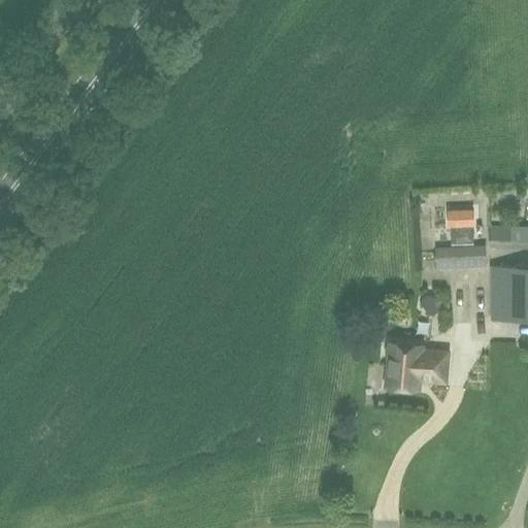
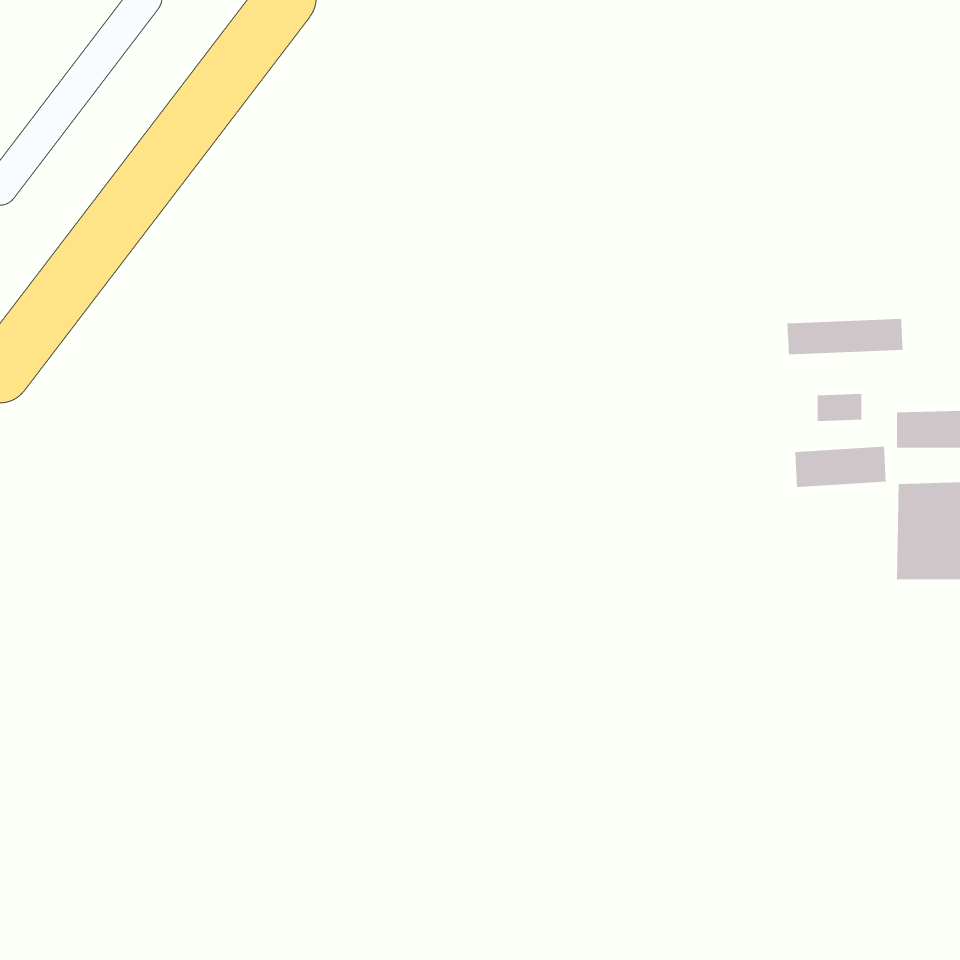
building: none -> [787,318,903,355]
building: [386,342,448,389] -> none

